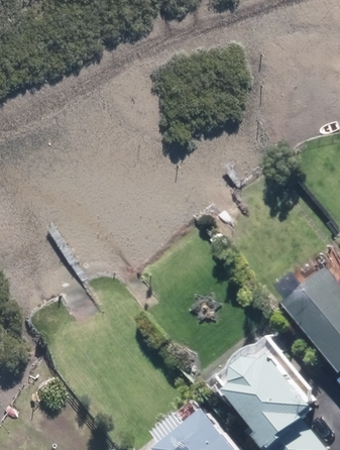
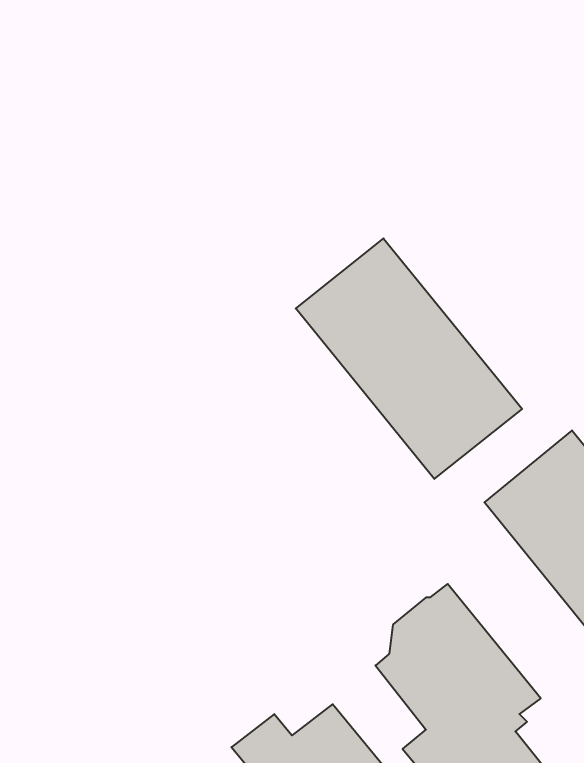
building: none -> [296,238,522,479]

